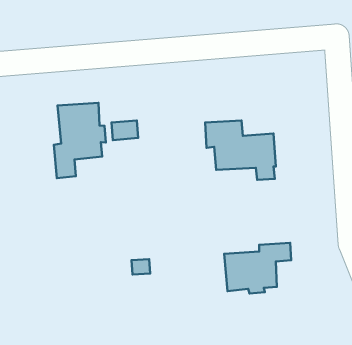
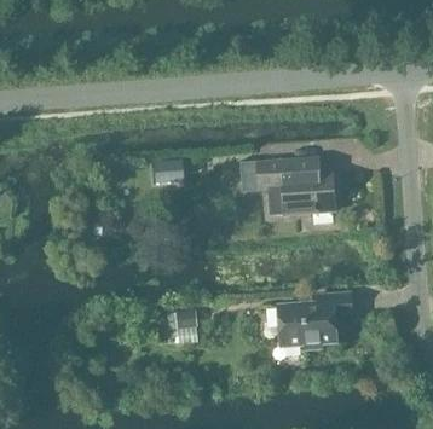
building: [54,103,106,178] -> none

